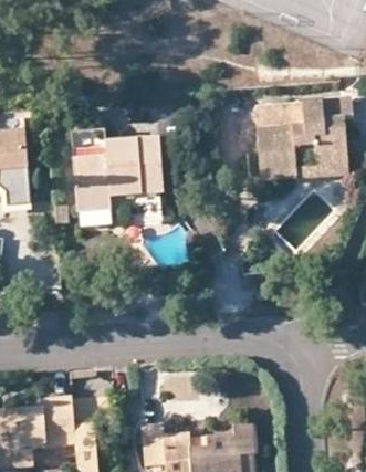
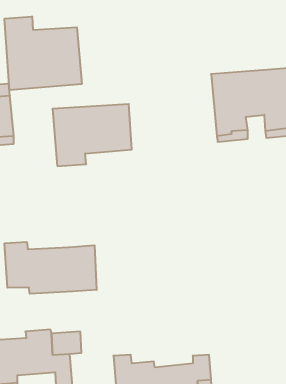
building: none -> [5,16,82,90]
building: none -> [5,242,97,294]

